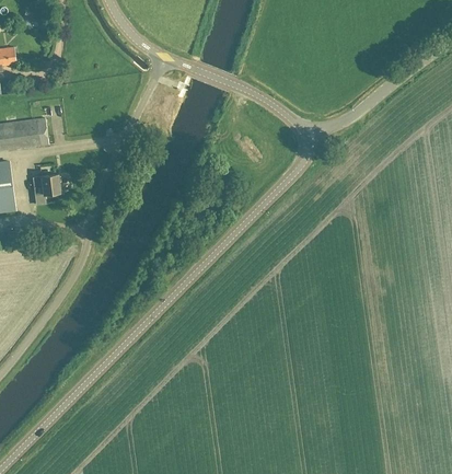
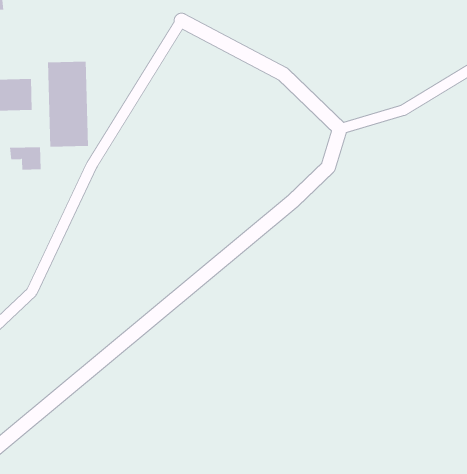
building: none -> [48,61,89,147]

